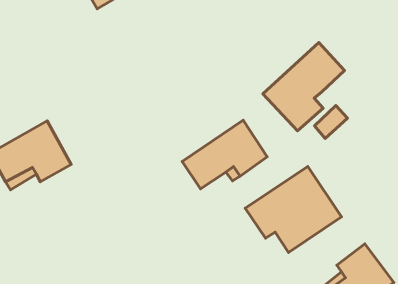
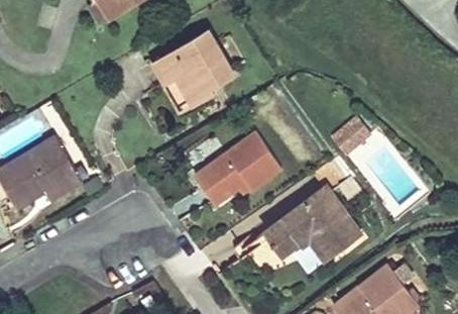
building: none -> [150,30,231,103]
building: [263,43,344,131] -> none

